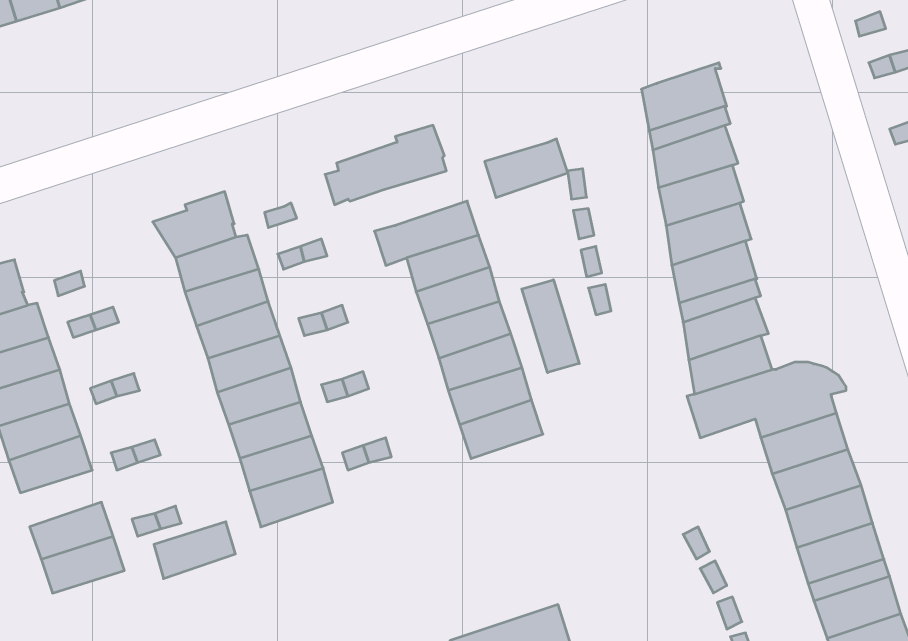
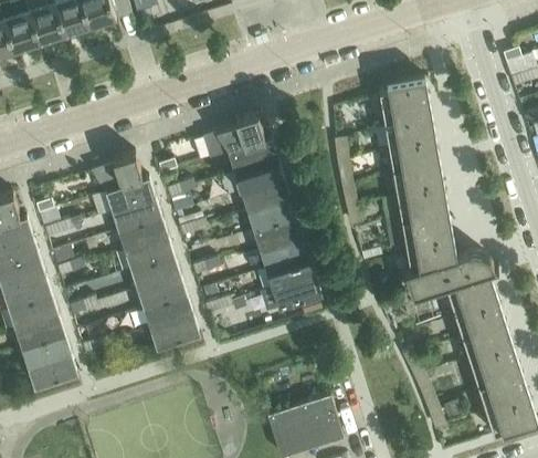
building: [485,139,568,198] -> [229,139,277,174]
building: [522,280,579,373] -> none
building: [154,522,235,579] -> [17,316,64,350]

